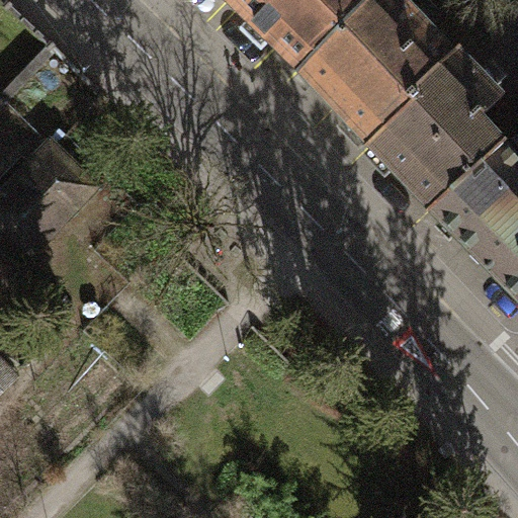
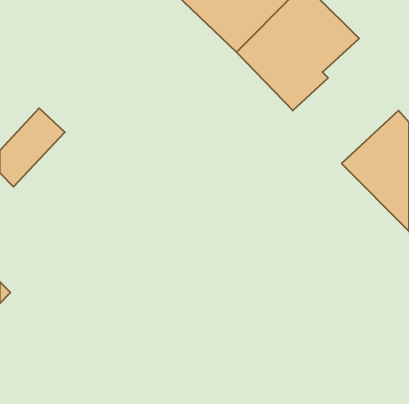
building: [369,46,503,206] -> none

